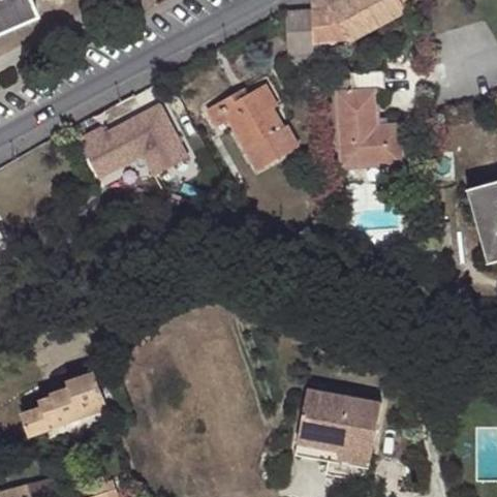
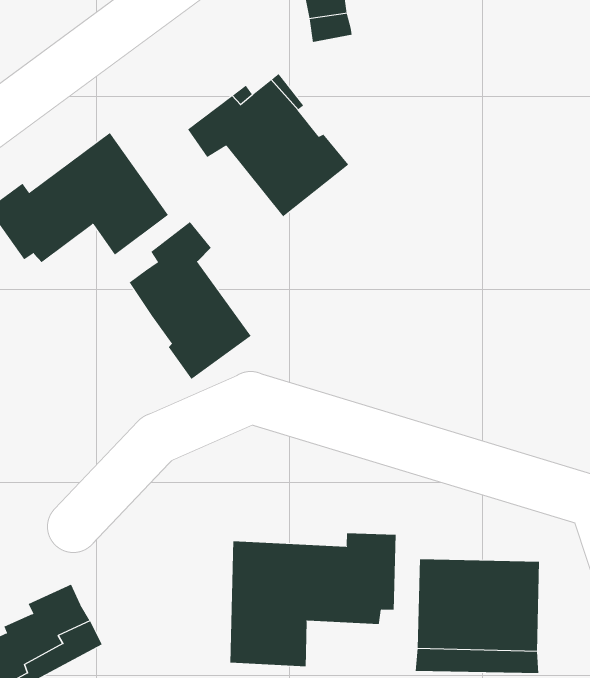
building: [338,71,401,164] -> none
building: none -> [129,221,251,380]
building: none -> [230,532,396,667]

